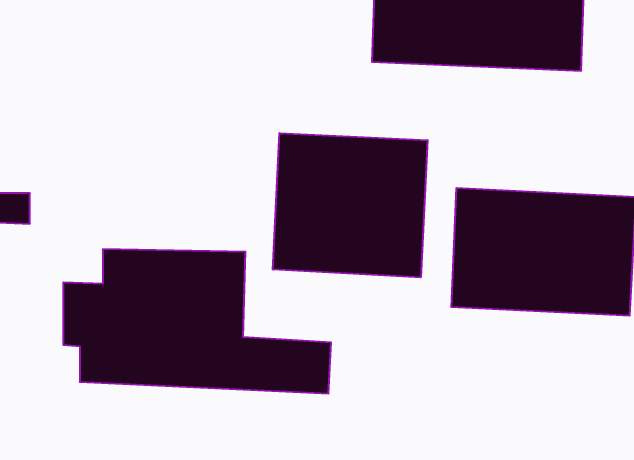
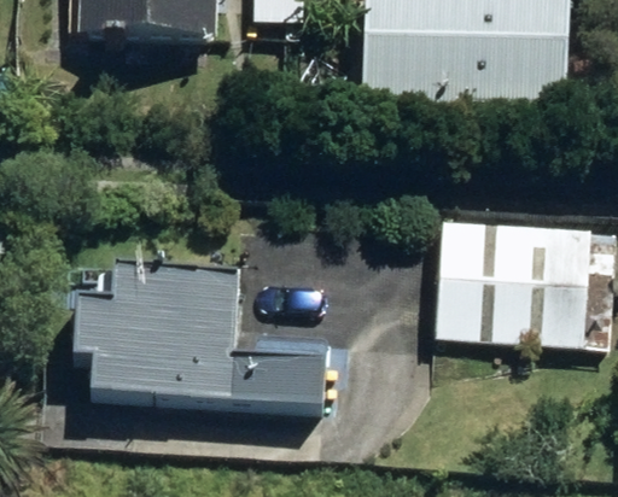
building: [273,133,428,277] -> none

